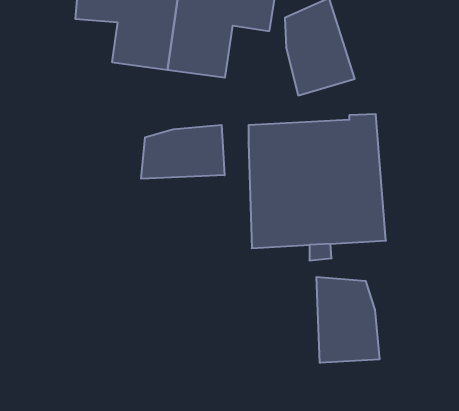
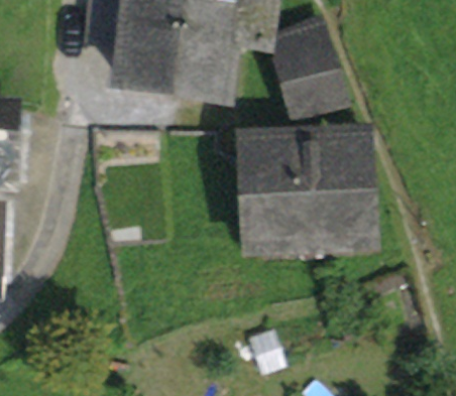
building: [141,125,225,179] -> none
building: [316,277,379,363] -> none

